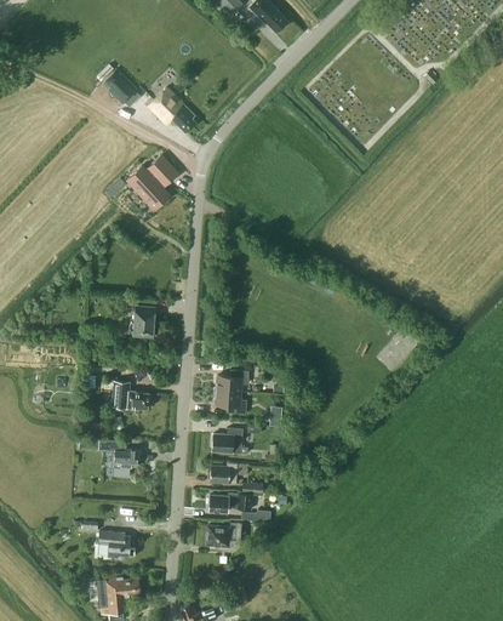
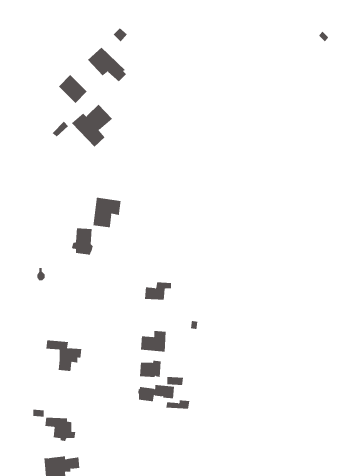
building: [102,69,137,104] -> [58,74,88,104]
building: none -> [93,197,121,228]
building: [112,381,150,409] -> none
building: [215,391,246,415] -> none
building: [205,523,246,546] -> none

